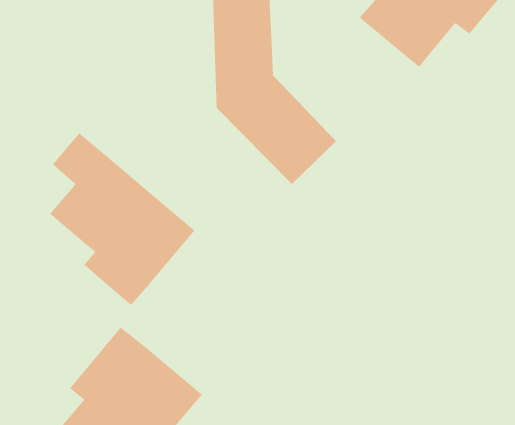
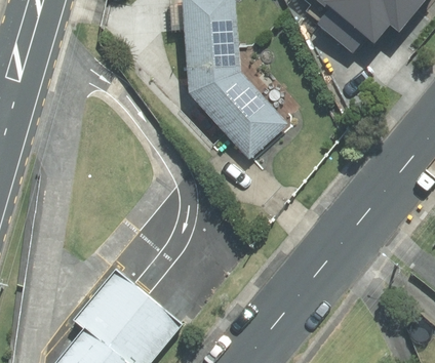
building: [49,132,196,306] -> none

